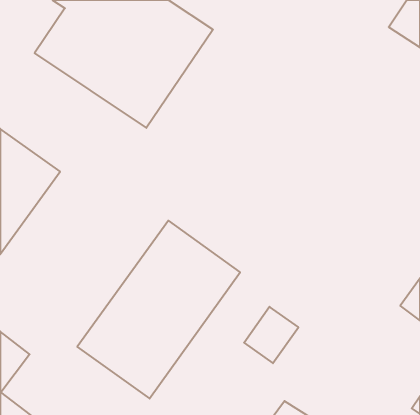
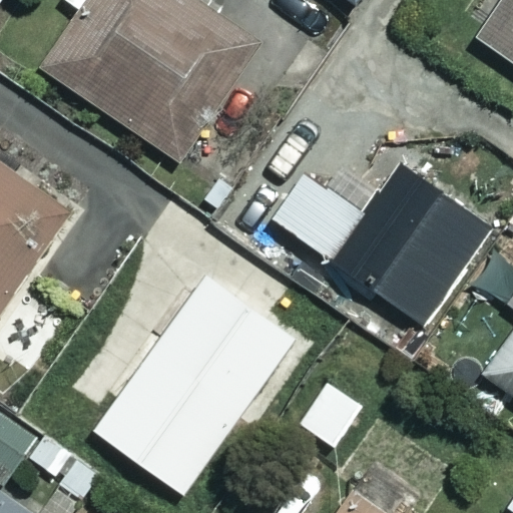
building: none -> [272,160,498,329]

